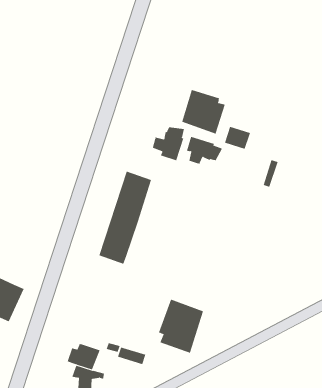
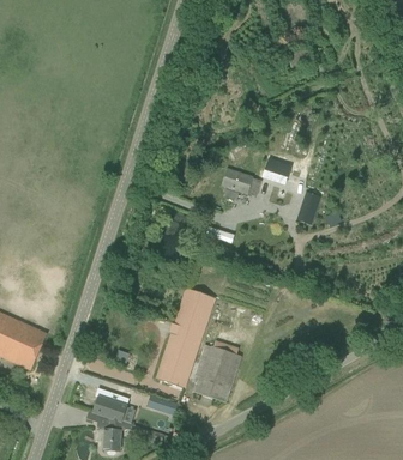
building: [181,89,226,135] -> none
building: [152,126,185,161] -> none
building: [98,171,152,264] -> [156,286,213,387]

